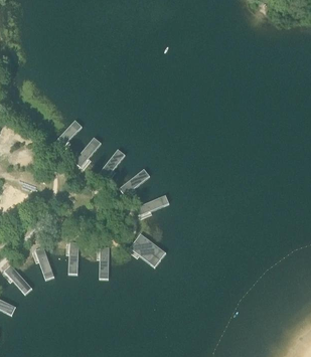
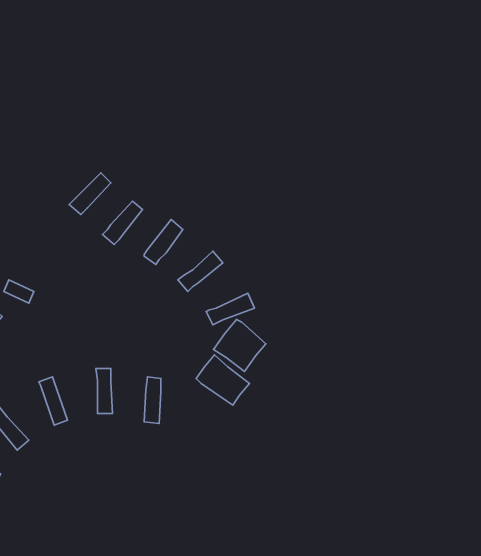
building: none -> [214,319,266,372]

